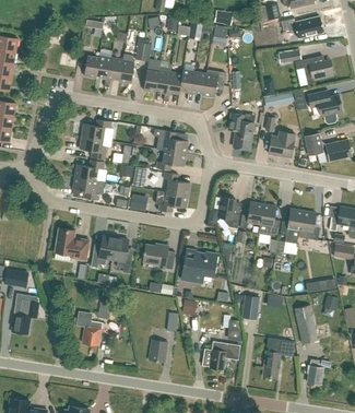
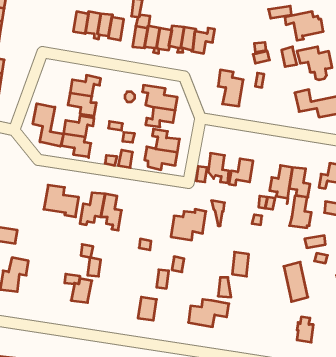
building: [268,130,295,156] -> none
building: none -> [33,104,63,146]
building: [258,203,280,235] -> [289,196,311,228]
building: [143,244,175,268] -> none
building: [262,337,295,377] -> none

